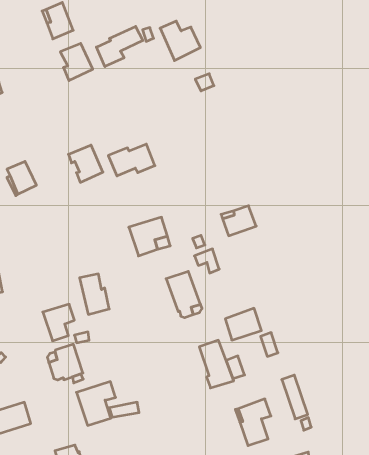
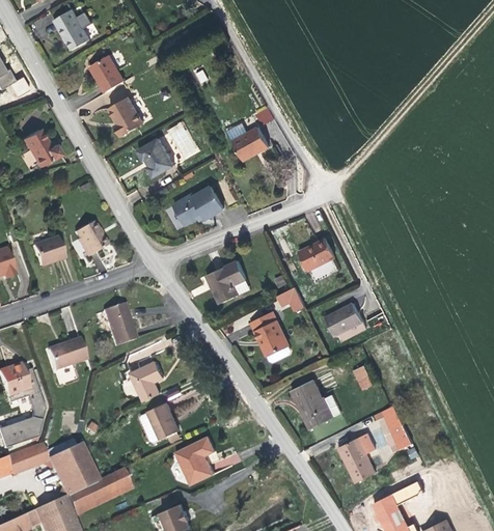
building: [160,21,200,61] -> [227,124,271,165]
building: [96,26,143,67] -> none
building: [68,145,103,182] -> [138,139,175,178]
building: [80,274,109,314] -> [102,304,136,346]
building: [225,308,261,340] -> [324,303,362,338]

